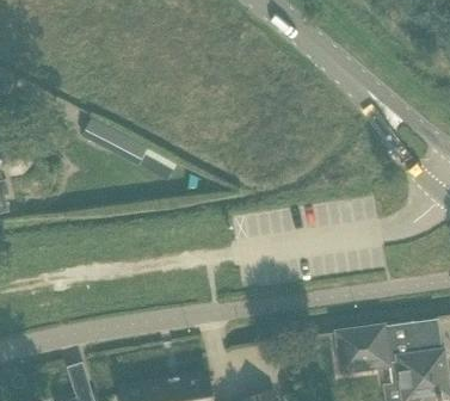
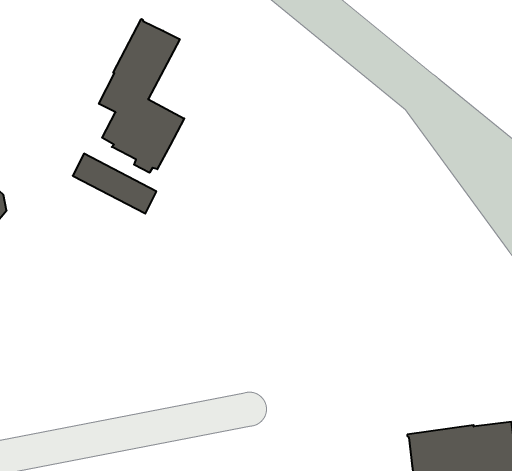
building: none -> [99,19,184,173]

